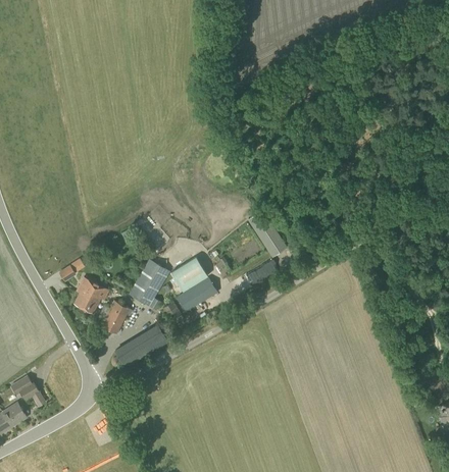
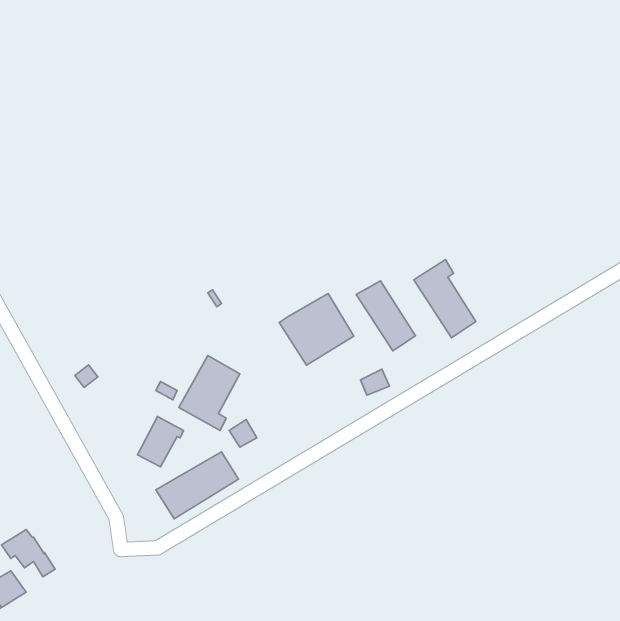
building: none -> [414,260,476,338]
building: [167,263,217,311] -> [279,294,354,365]
building: [74,276,108,313] -> none

